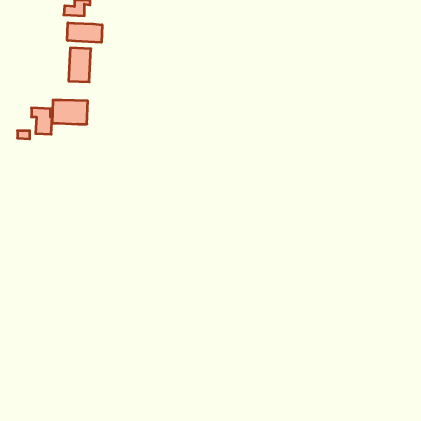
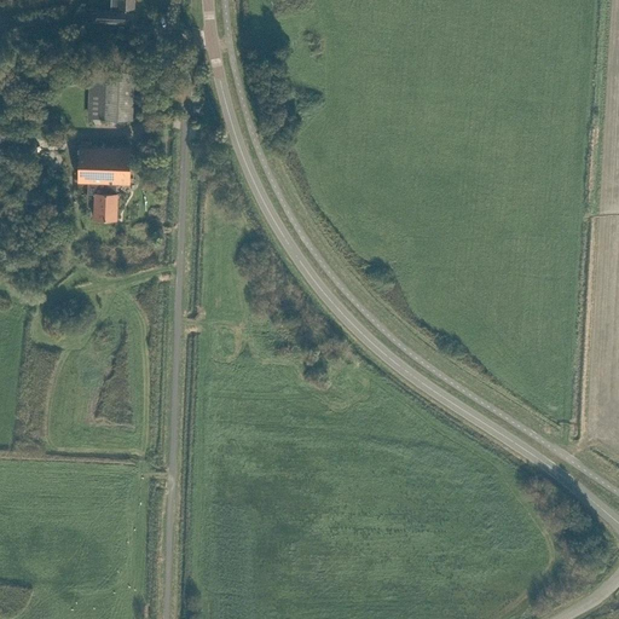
building: [67,23,102,42] -> none
building: [31,108,52,134] -> [86,183,116,221]

